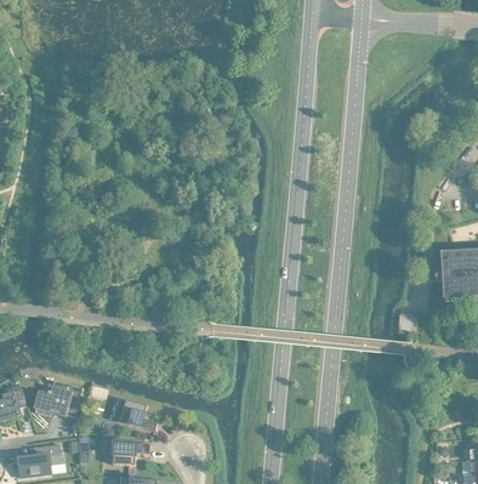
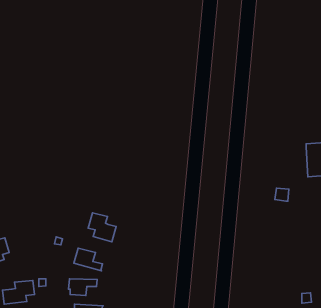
building: none -> [88,213,116,242]
building: [33,378,82,416] -> none

